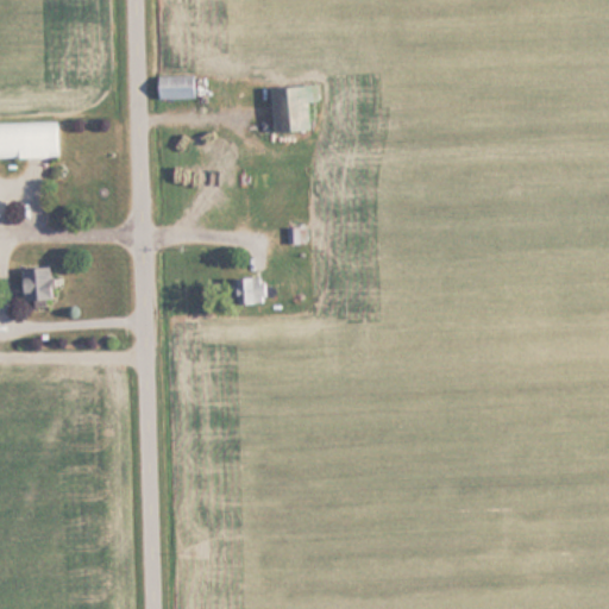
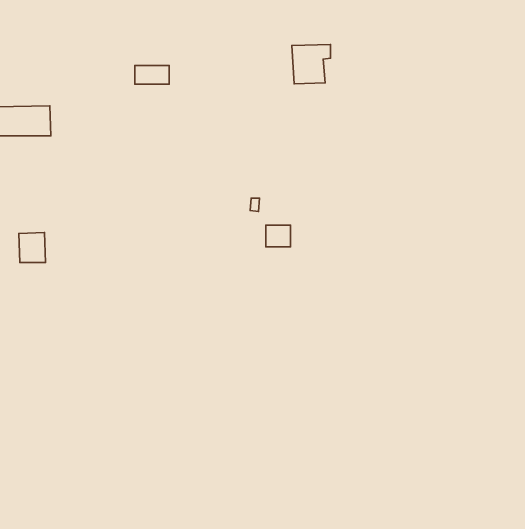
building: [272,86,316,131] -> [292,45,330,84]
building: [237,278,265,303] -> [266,225,291,247]

